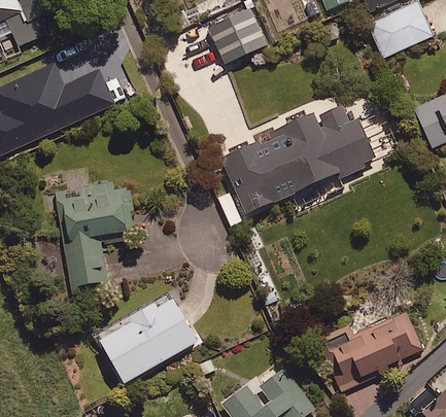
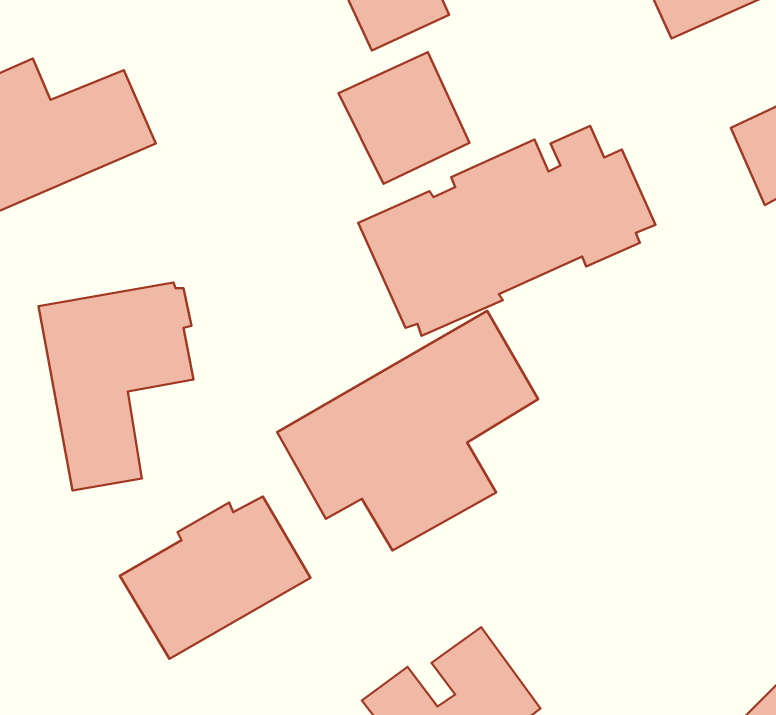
building: none -> [338,52,470,184]
building: none -> [277,311,538,550]
building: [316,311,421,388] -> none

